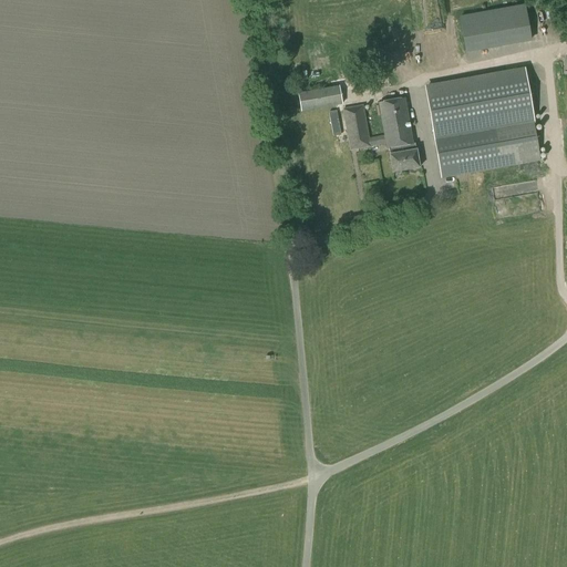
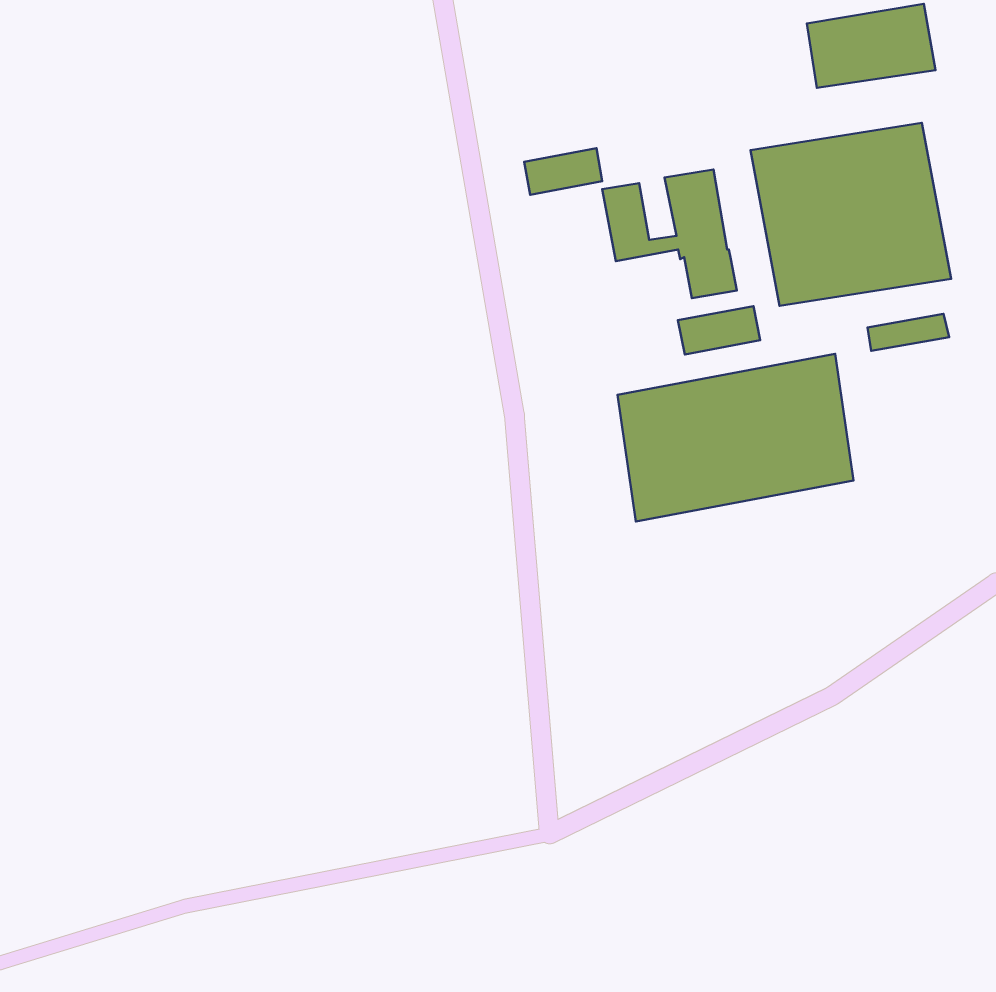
building: none -> [678,306,760,354]
building: none -> [618,354,853,521]

